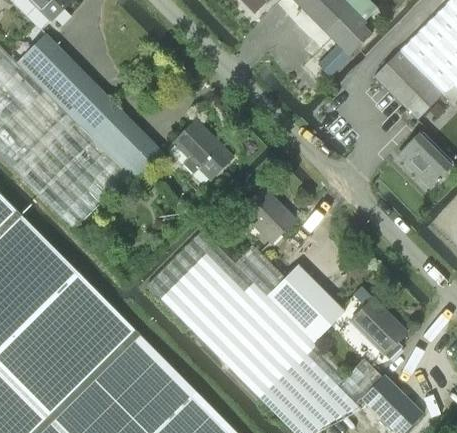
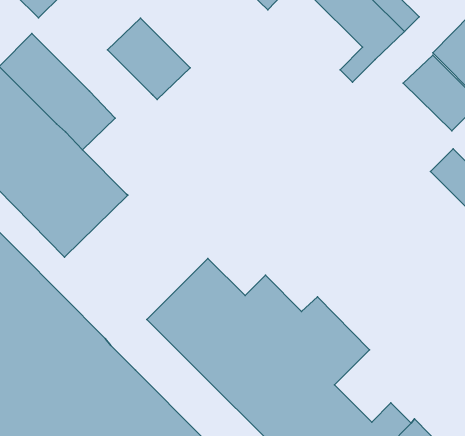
building: [89,109,162,181] -> [108,18,190,100]
building: [172,120,231,179] -> none
building: [238,187,294,243] -> none
building: [349,298,405,355] -> none

